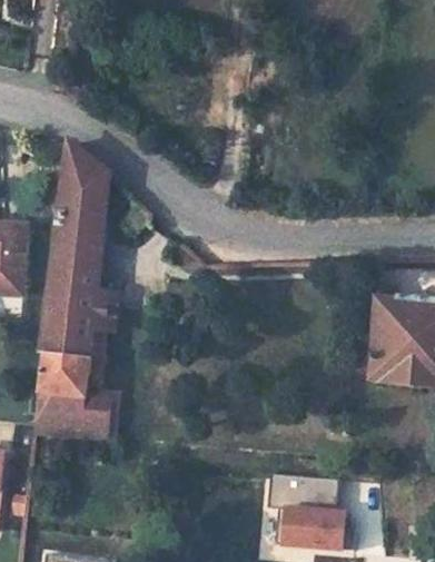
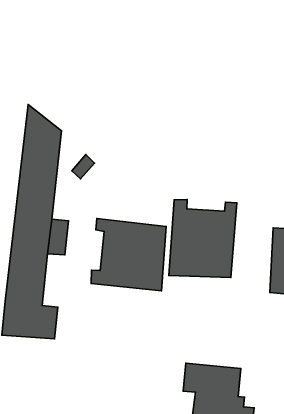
building: none -> [169,200,237,277]
building: none -> [91,218,166,291]

